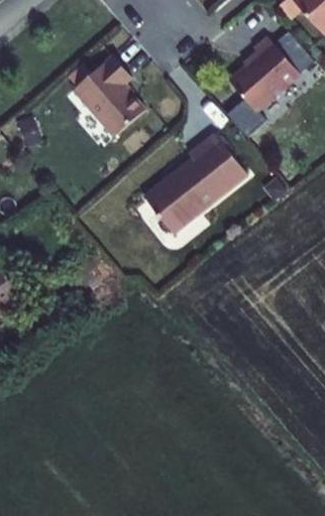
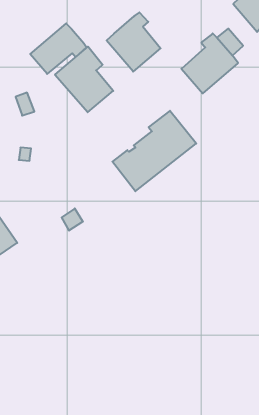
building: none -> [107,12,161,72]
building: none -> [30,23,86,74]

